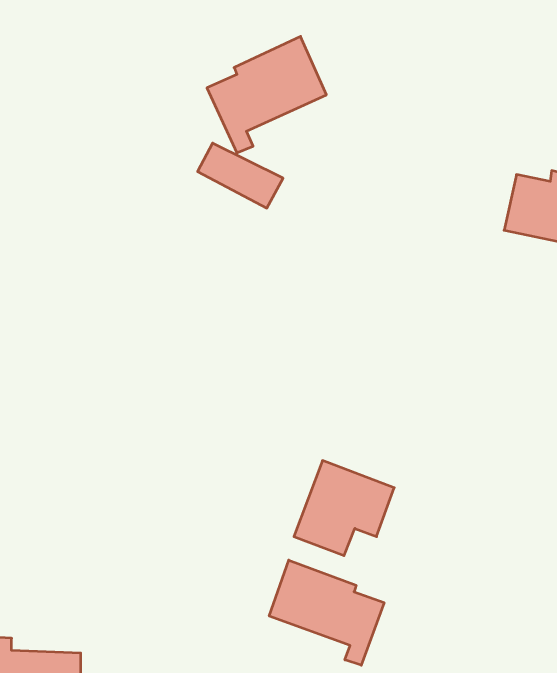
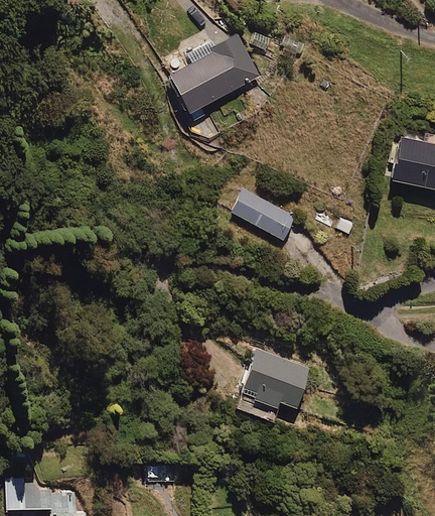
building: [198,143,283,208] -> [232,191,295,240]
building: [269,560,384,665] -> none

